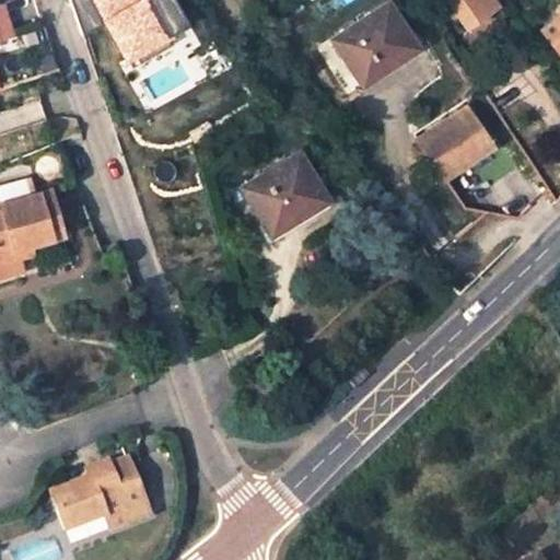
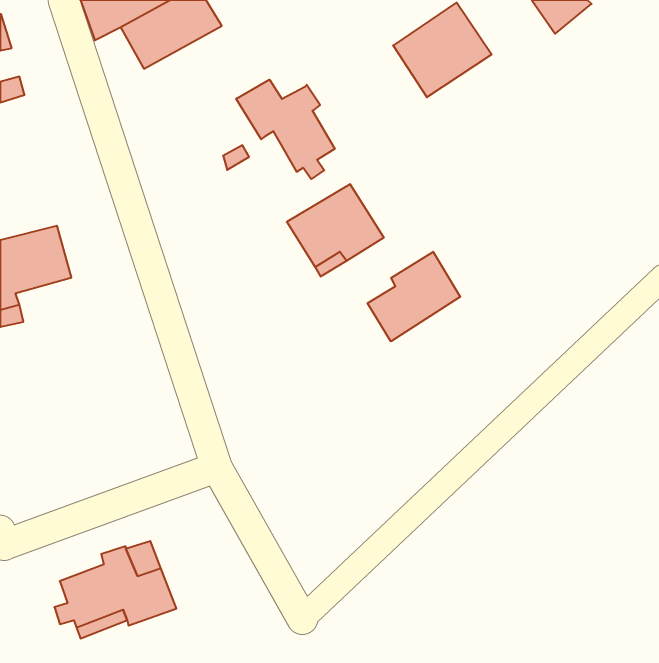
building: none -> [236,80,335,179]
building: [418,107,492,177] -> none
building: none -> [368,252,460,341]

